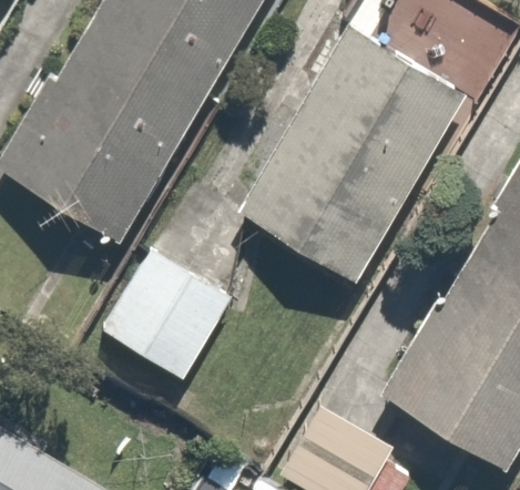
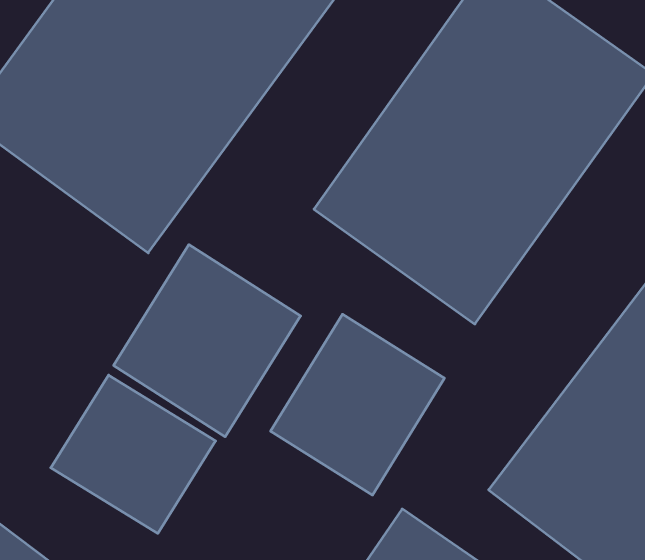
building: none -> [271,314,444,495]
building: none -> [51,375,216,533]

